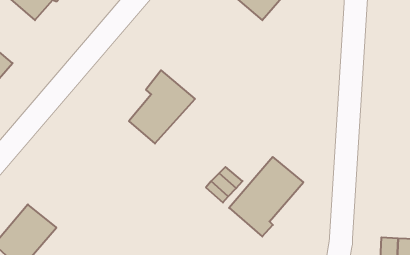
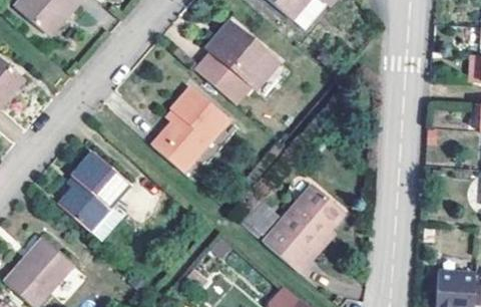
building: none -> [195,20,276,99]
building: none -> [59,150,128,239]

